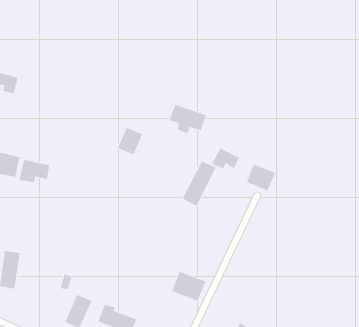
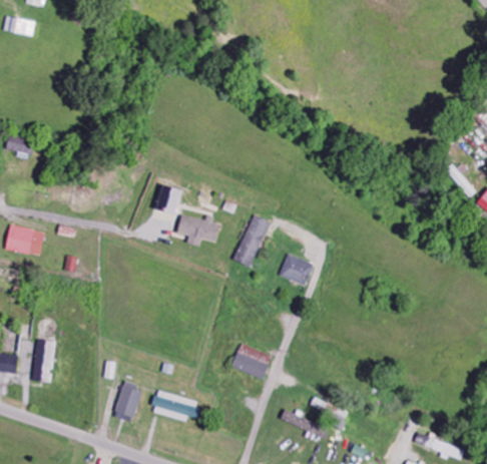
building: [169,104,207,134] -> [177,213,220,247]
building: [212,148,240,169] -> none
building: [19,159,50,183] -> none
building: [246,164,276,191] -> [281,255,314,285]

